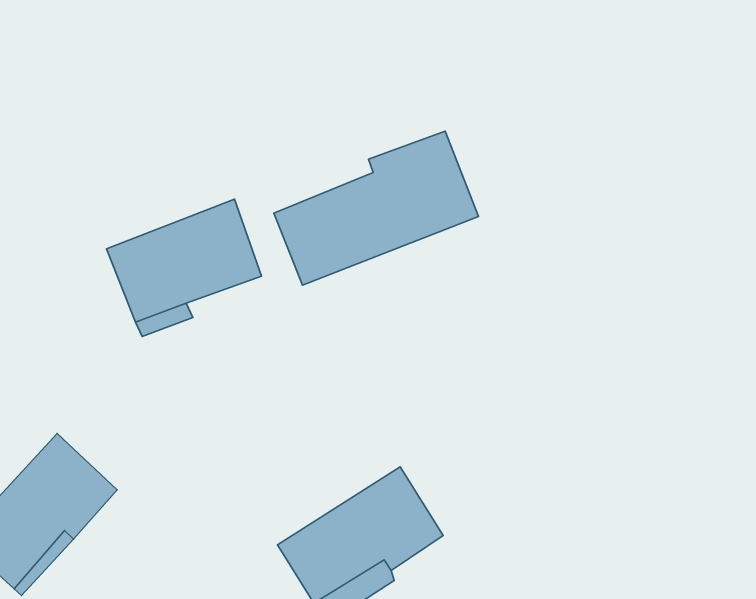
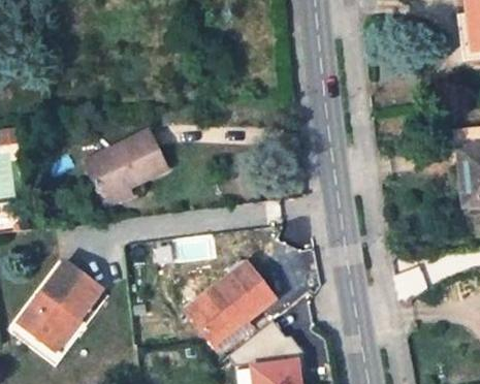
building: [274,131,479,285] -> none

